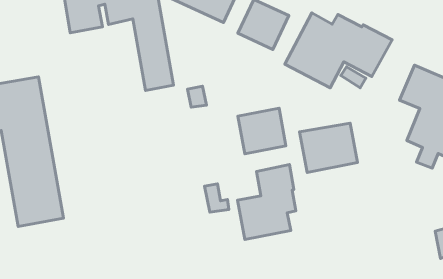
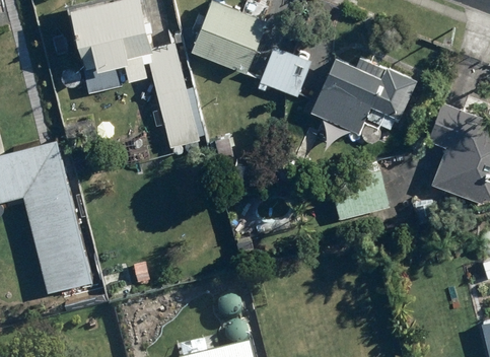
building: [238,108,286,154] -> none
building: [238,165,296,239] -> none

